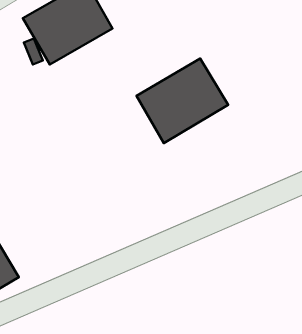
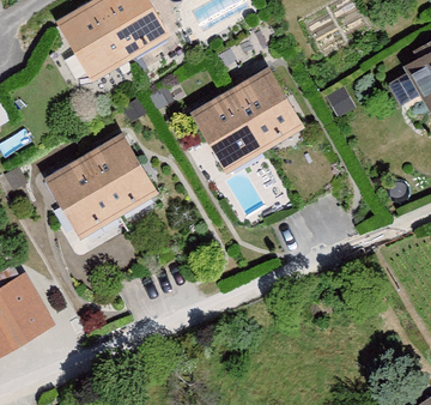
building: none -> [49,138,156,236]

